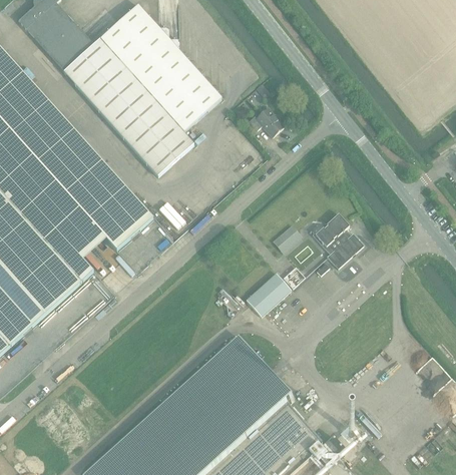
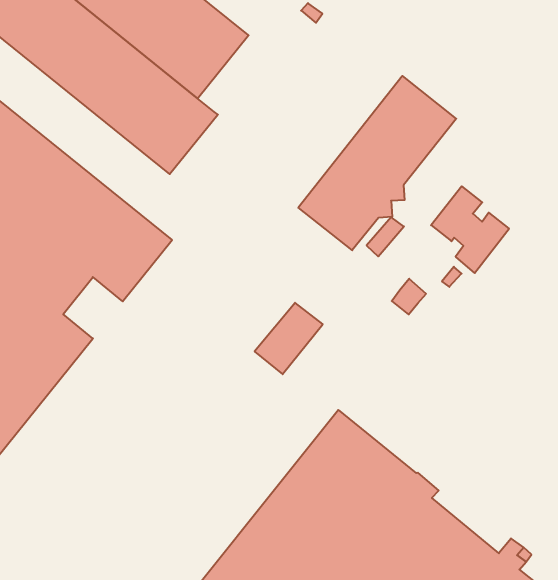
building: [248,107,283,136] -> none
building: none -> [298,76,456,250]
building: [246,273,291,316] -> [255,303,323,374]

